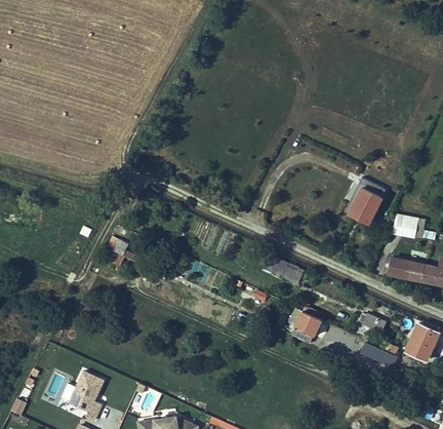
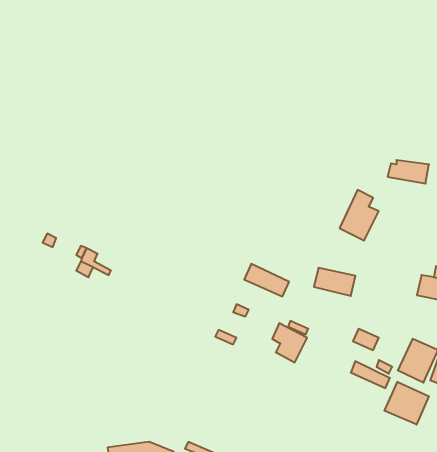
building: [388,213,426,235] -> [388,160,429,184]
building: [387,257,425,282] -> [314,268,355,296]
building: none -> [384,382,429,425]
building: [68,370,103,421] -> none

